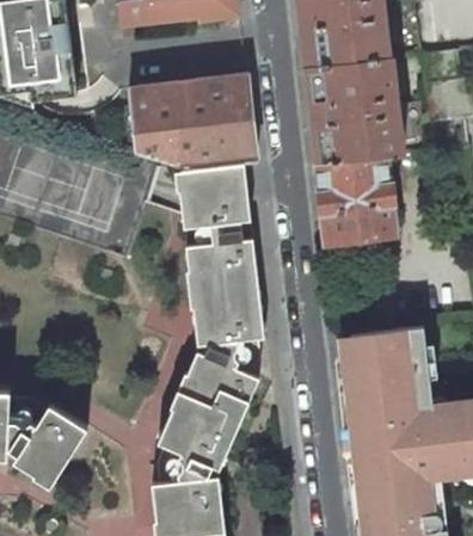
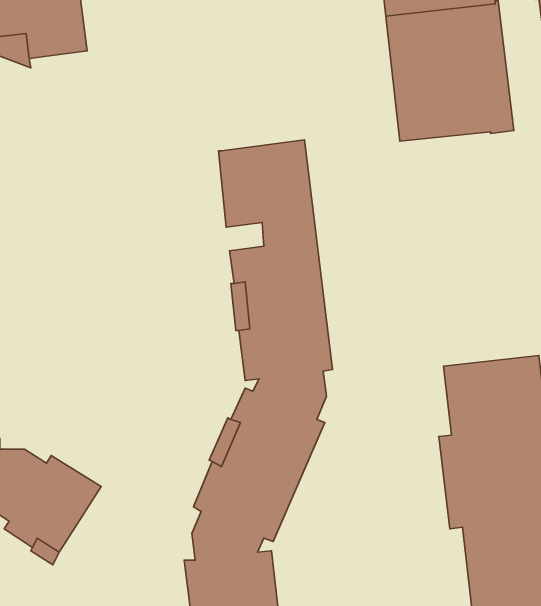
building: [127,72,260,170] -> none
building: [315,155,393,242] -> none

